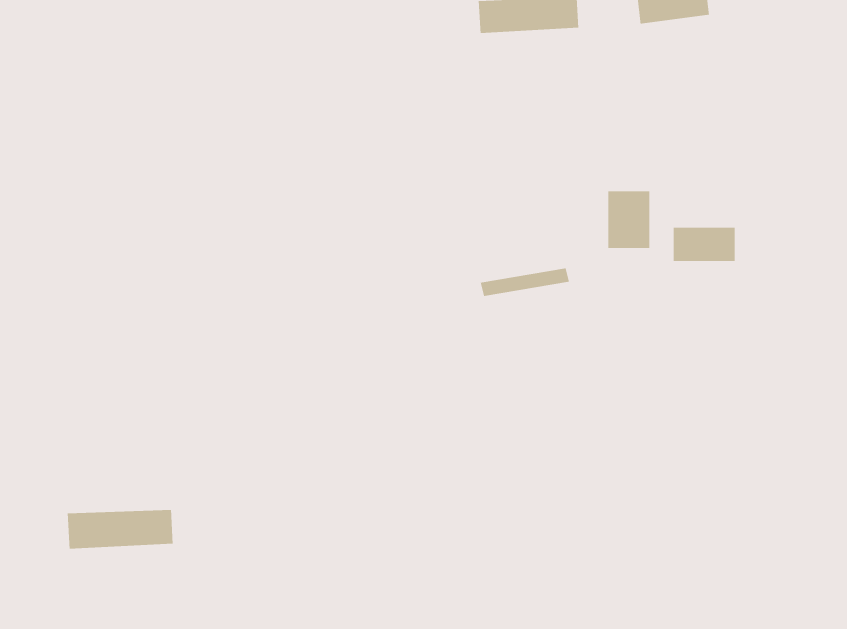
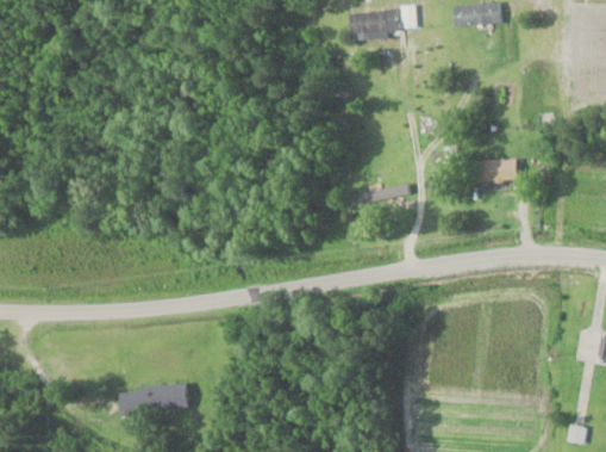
building: [608,191,650,249] -> none
building: [67,509,174,550] -> [118,384,187,410]

